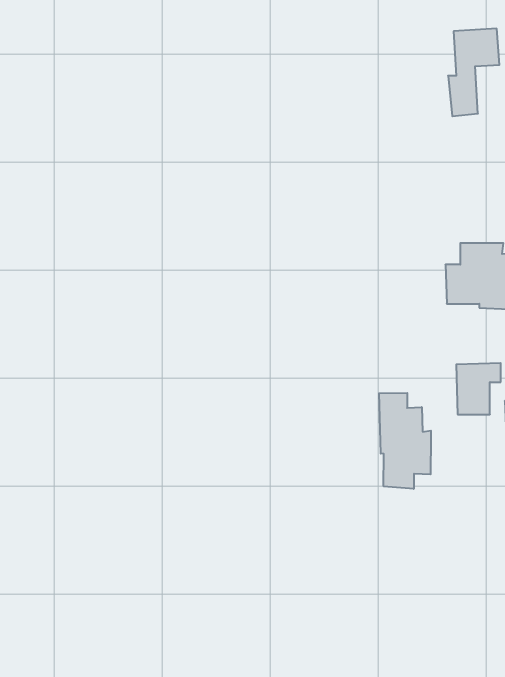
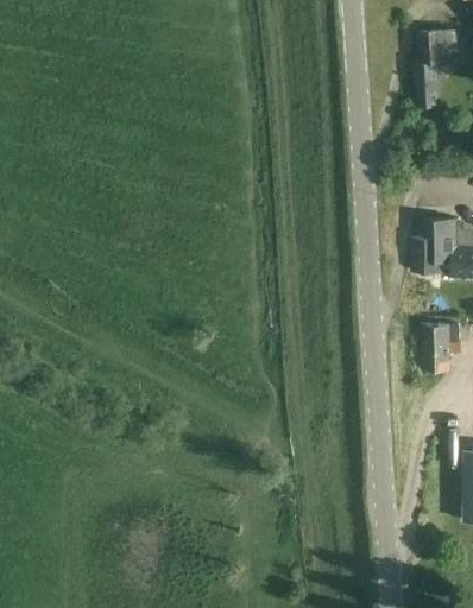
building: [379,393,431,489] -> none

